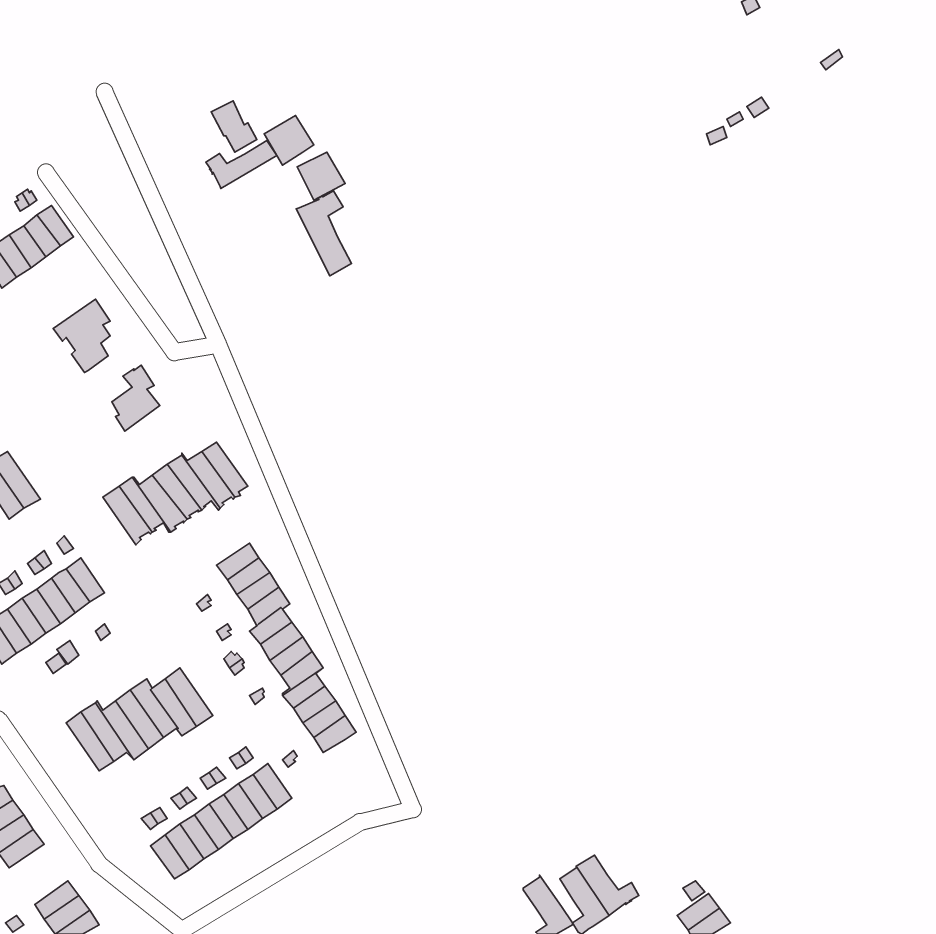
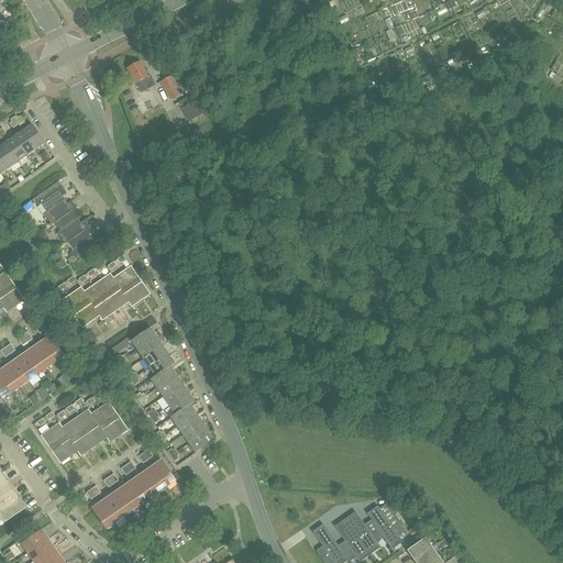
building: [206,141,277,189] -> none
building: [296,191,351,276] -> none
building: none -> [53,199,80,243]
building: none -> [367,507,405,543]

